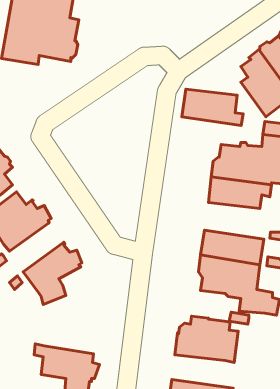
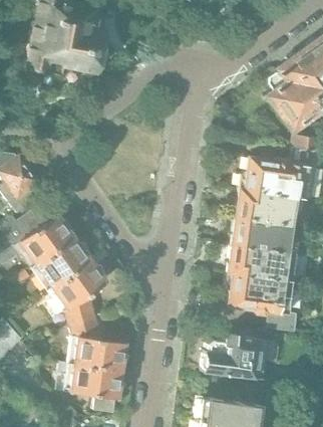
building: [182,89,243,126] -> [234,219,296,256]
building: none -> [36,240,94,289]
building: none -> [70,313,131,374]

